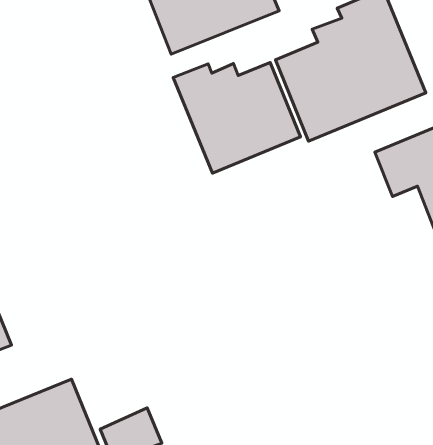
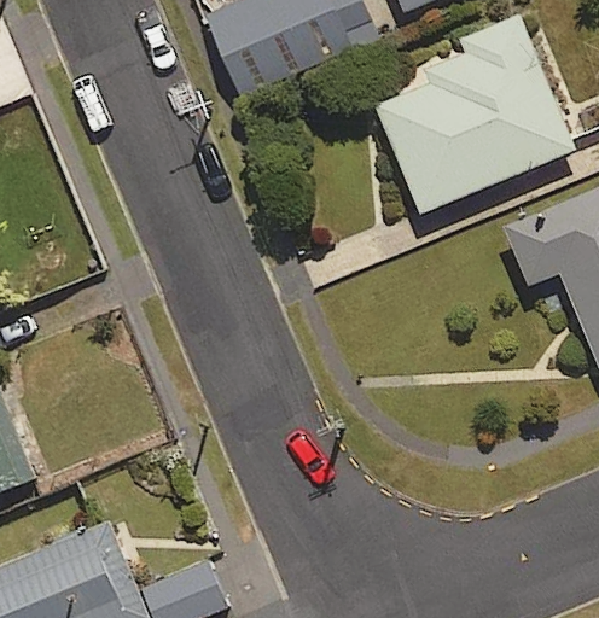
building: [173,62,301,173] -> none

